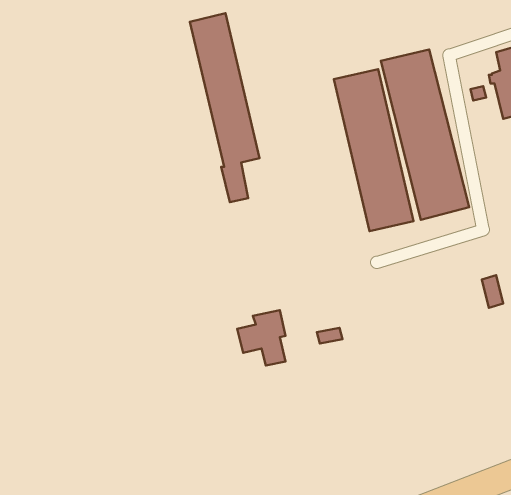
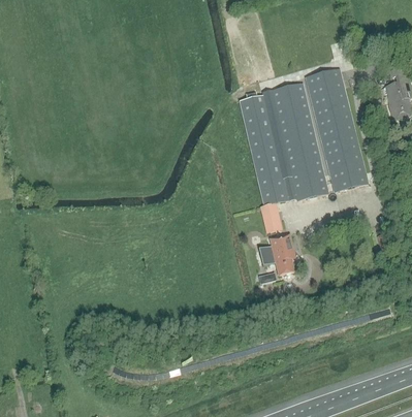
building: [190,13,260,202] -> [237,94,288,231]
building: [237,310,286,366] -> [257,234,292,275]

